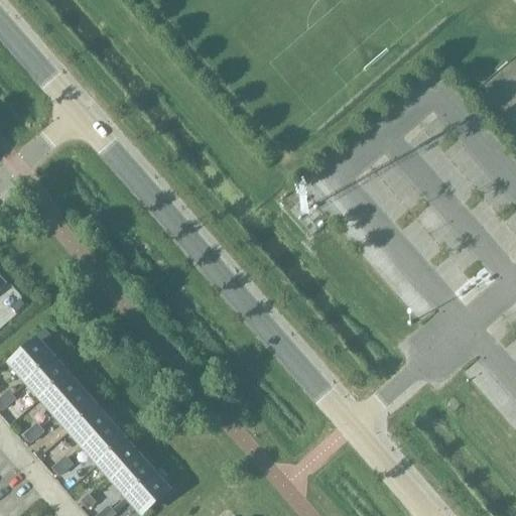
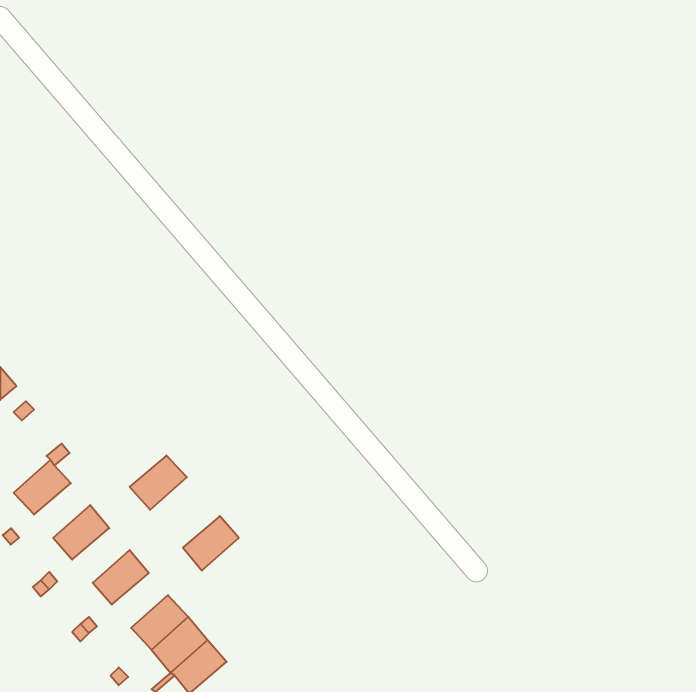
building: [26,357,68,397] -> none
building: [54,390,97,430] -> [130,455,187,510]
building: [84,423,125,464] -> [183,516,239,571]

